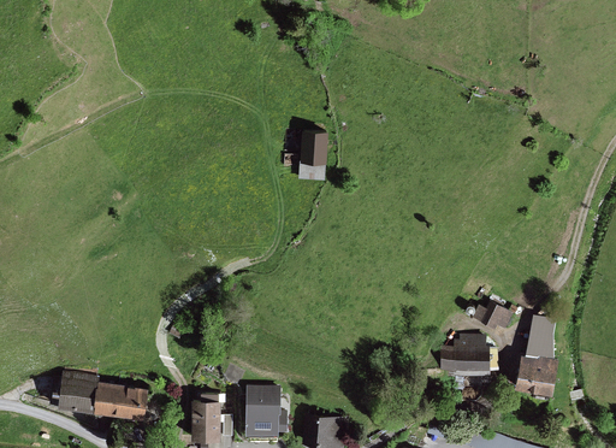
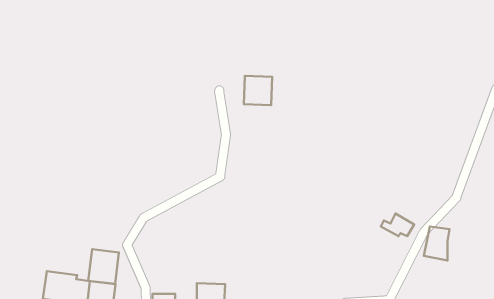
building: [439,336,490,377] -> none
building: none -> [88,249,119,284]
building: [514,355,558,395] -> none

